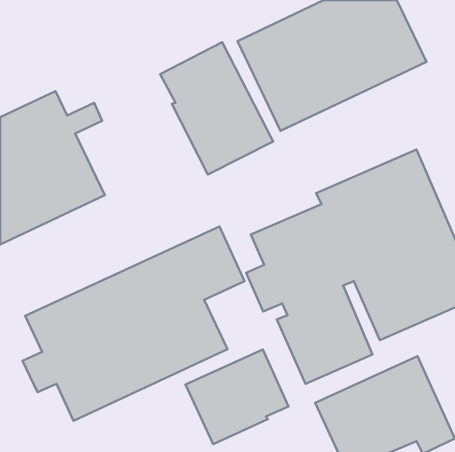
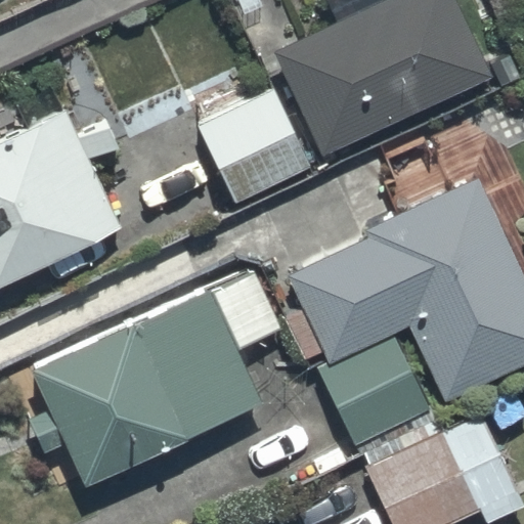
building: [186,350,288,444] -> none

